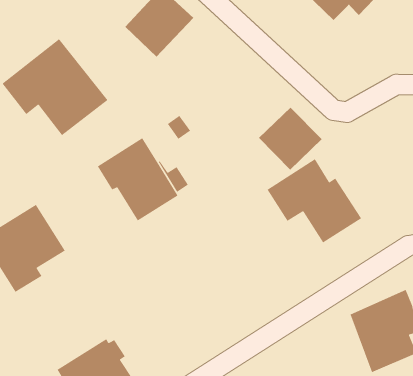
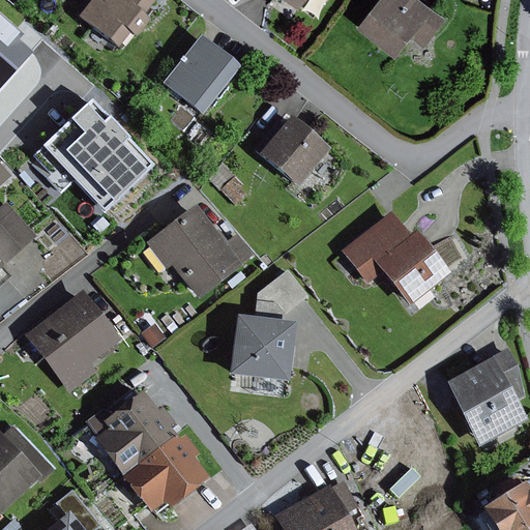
building: [258,107,322,170] -> [259,114,331,185]
building: none -> [229,268,308,381]
building: none -> [87,387,176,474]

